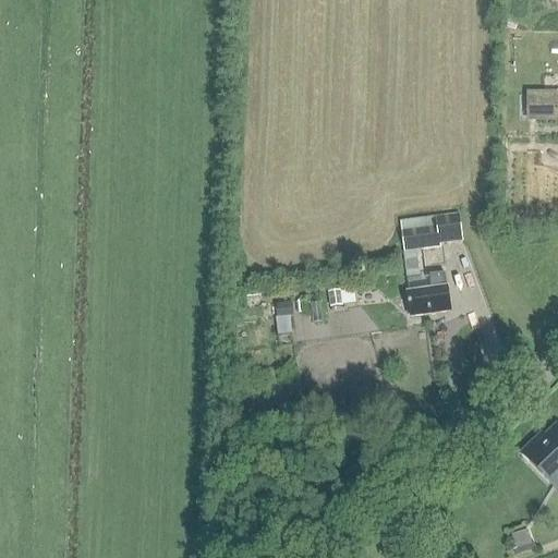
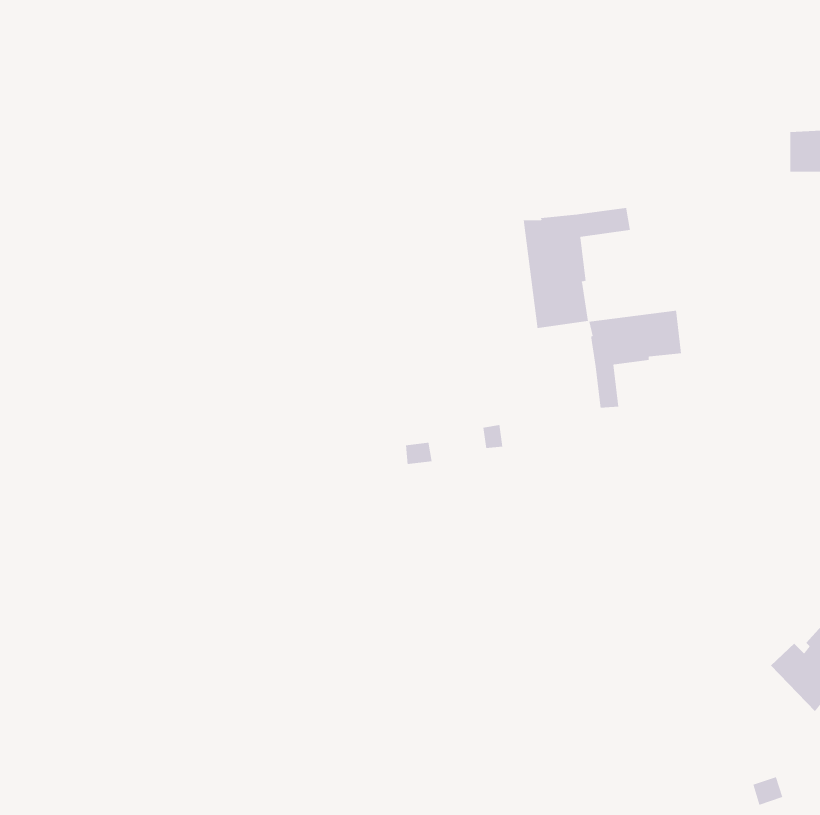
building: none -> [523,207,630,329]
building: [408,270,450,314] -> none

